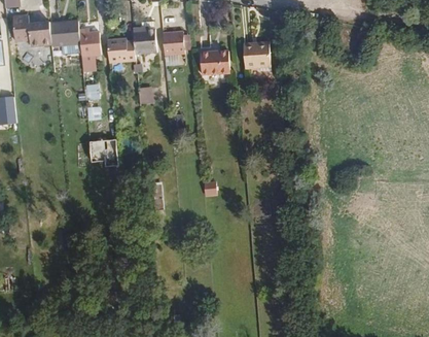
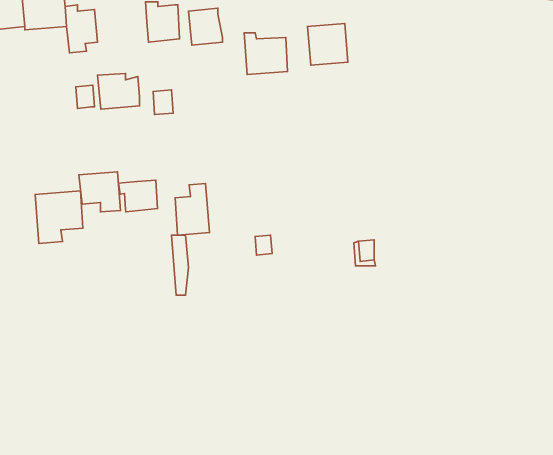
building: [107,38,135,62] -> [98,74,139,109]
building: none -> [118,180,157,212]
building: none -> [175,184,209,235]
building: none -> [35,191,83,244]

